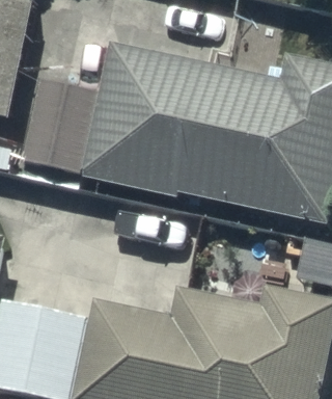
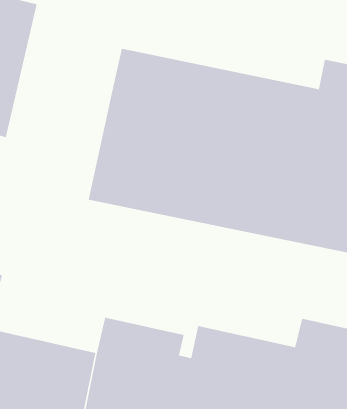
building: [16,73,101,180] -> none

